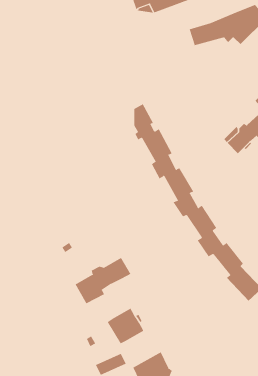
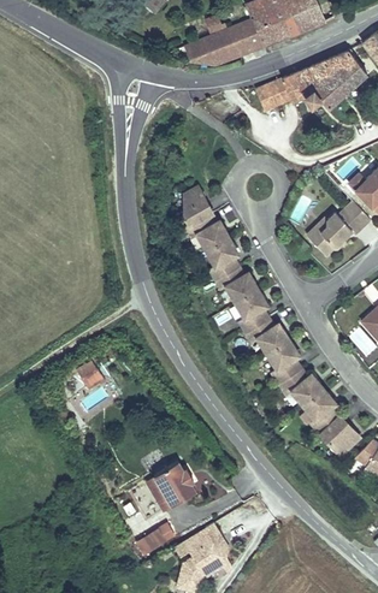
building: [75,257,131,304] -> none

